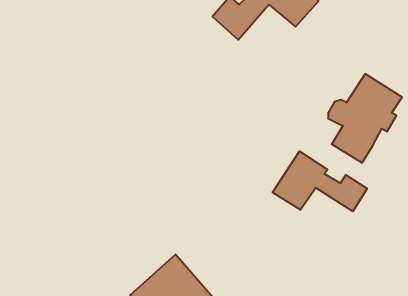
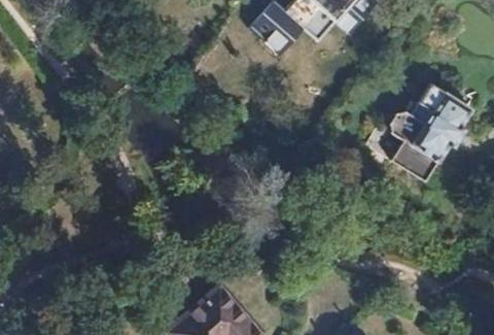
building: [273,151,367,211] -> none

